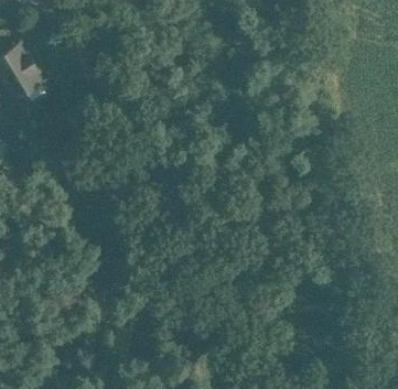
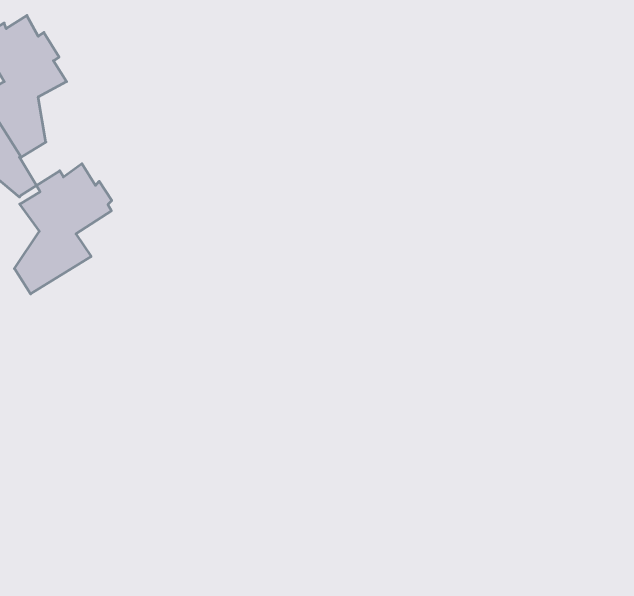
building: none -> [14,164,112,294]

